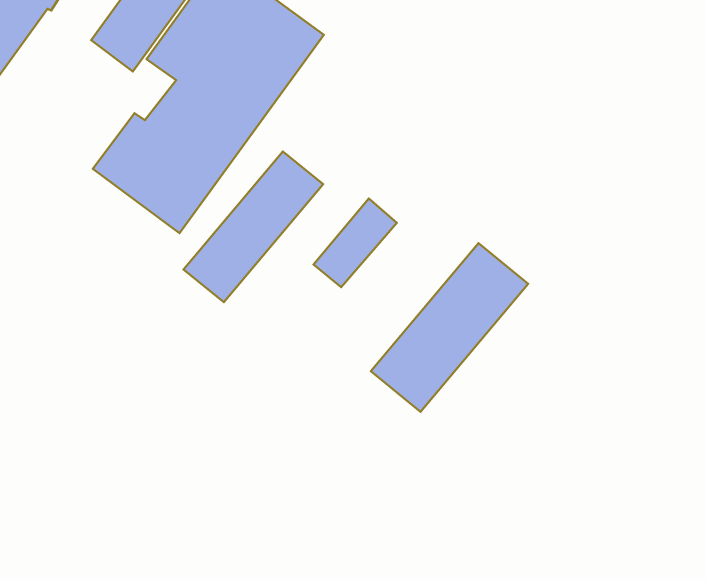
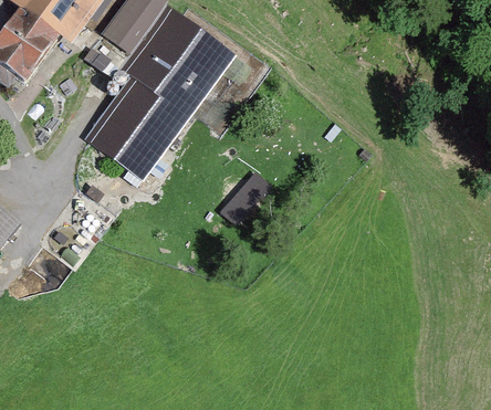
building: [184,151,323,302] -> none
building: [371,243,528,412] -> none

